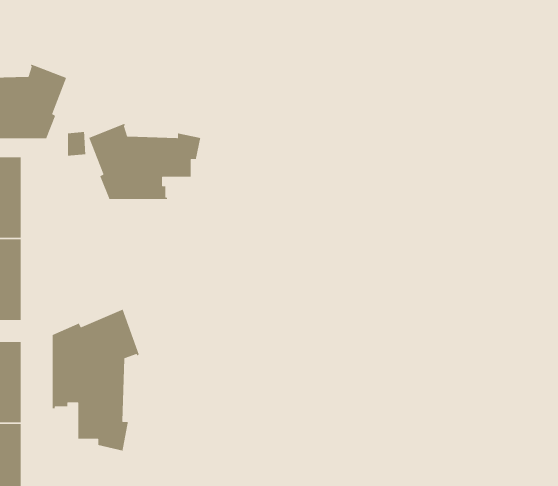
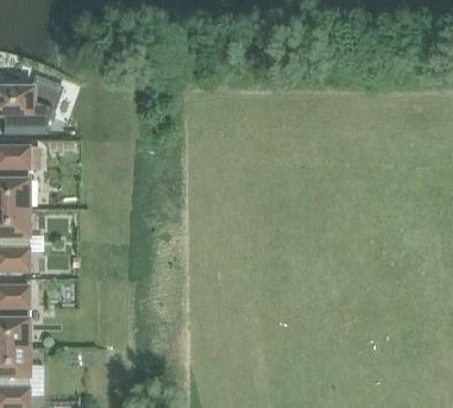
building: [88,123,201,200] -> none
building: [52,308,140,452] -> none

